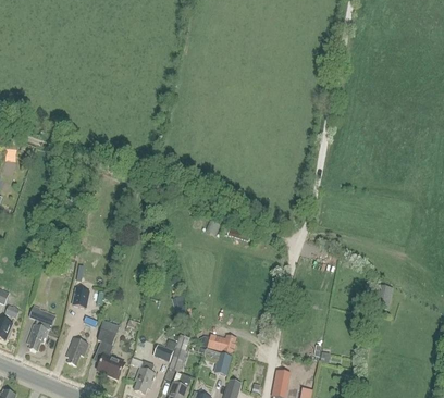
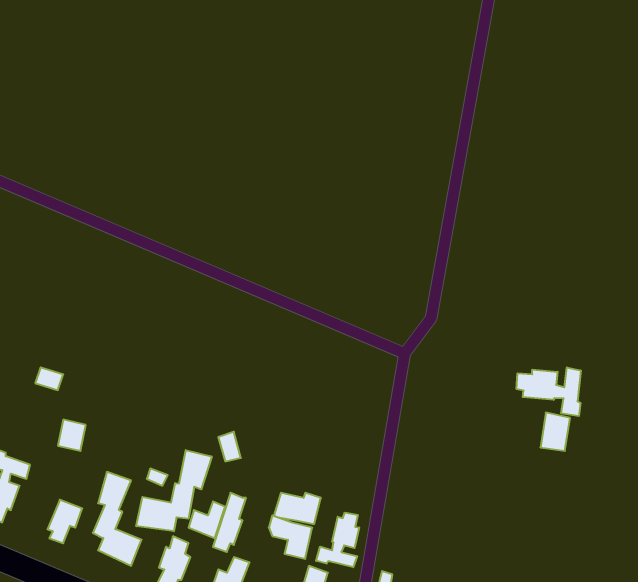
building: none -> [517,367,581,416]
building: none -> [136,450,212,531]
building: none -> [316,513,359,567]

